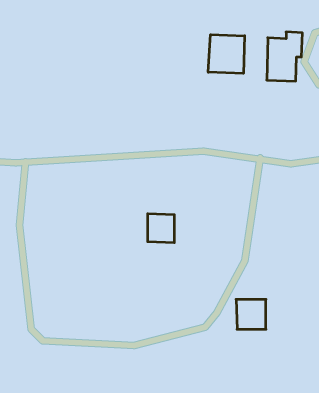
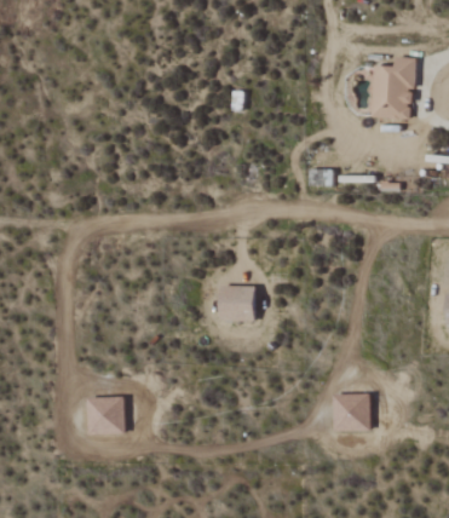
building: [208,35,245,73] -> none
building: none -> [86,396,122,433]

